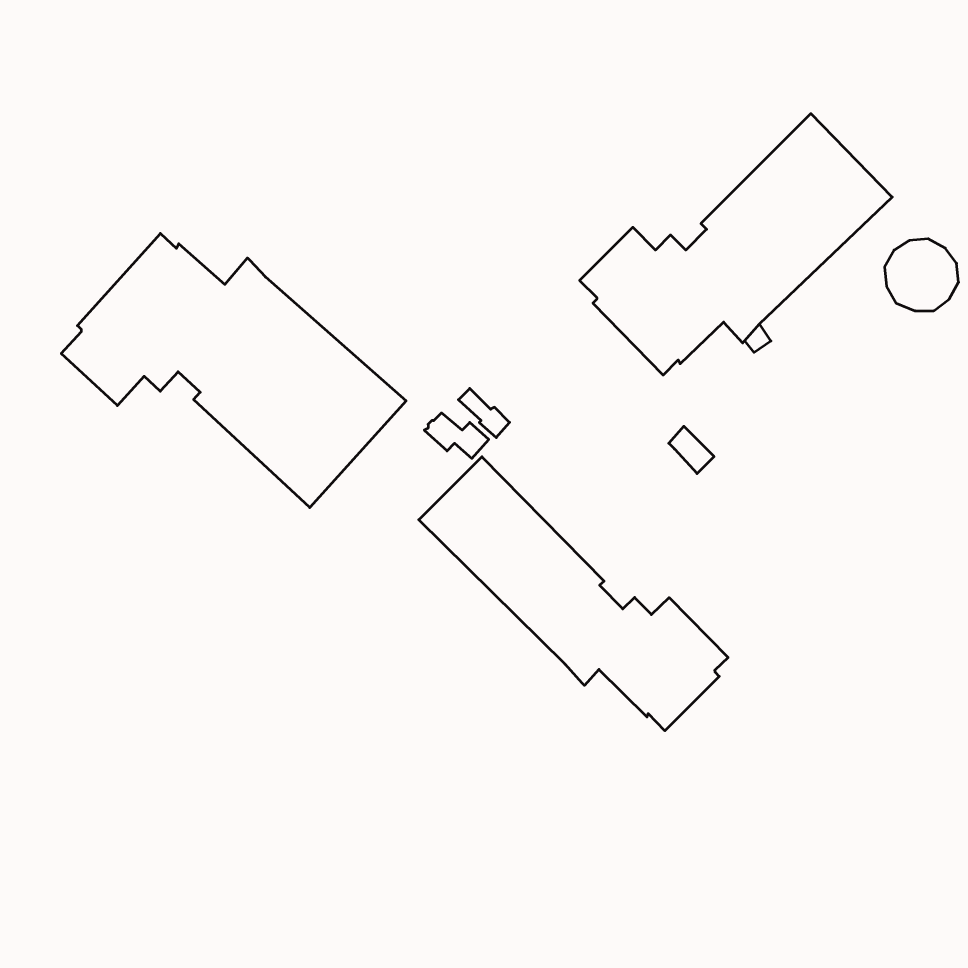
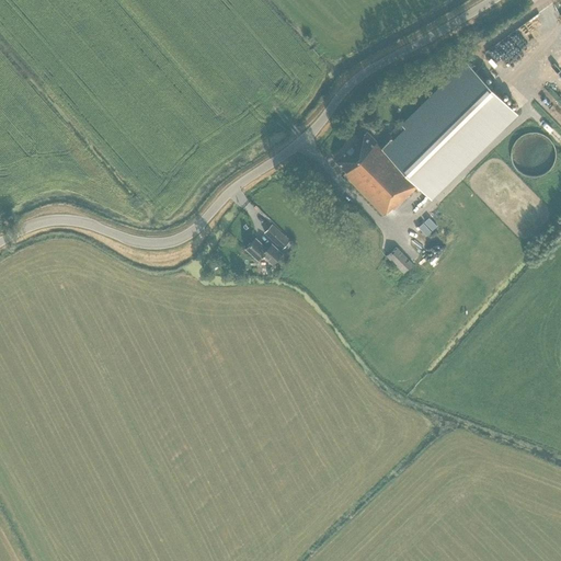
building: [61,233,406,508] -> none
building: [419,457,728,731] -> none

